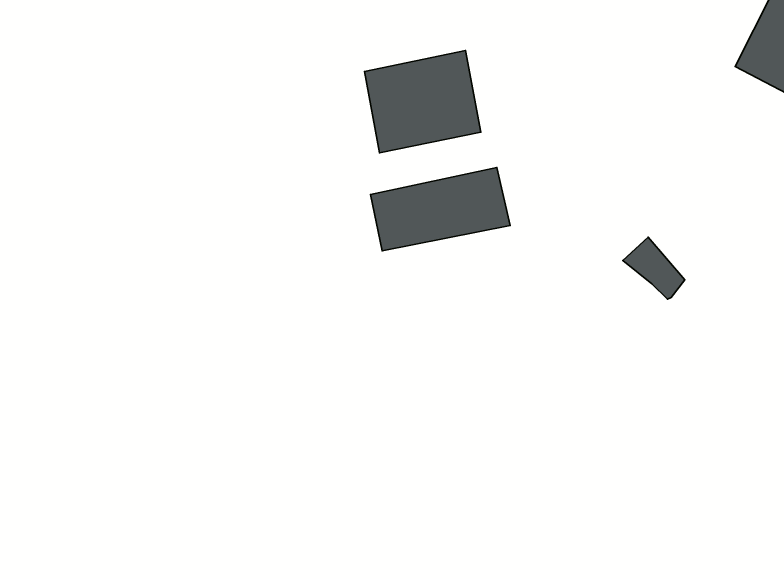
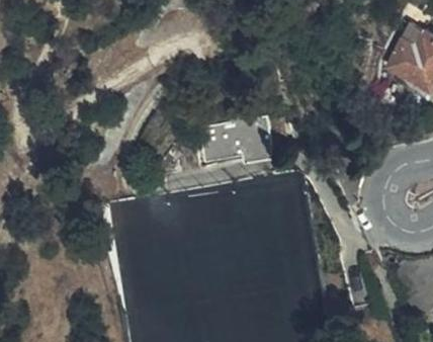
building: [364,51,481,153] -> none

